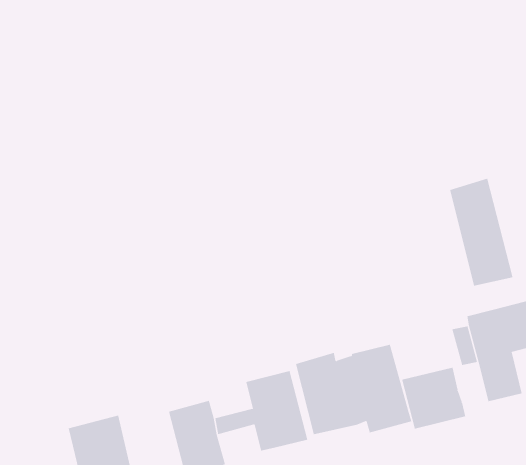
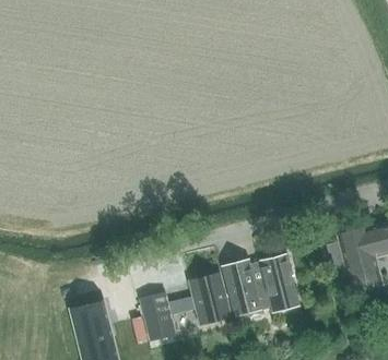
building: [450,178,513,287] -> none
building: [401,367,466,429] -> none

